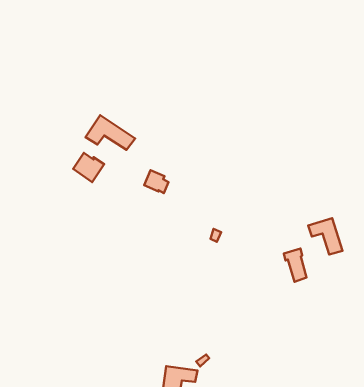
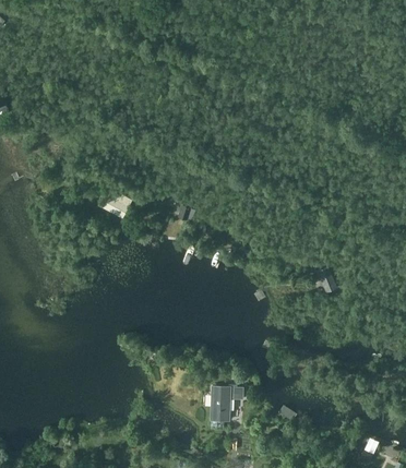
building: [86,115,135,150] -> none
building: [308,218,342,254] -> none

